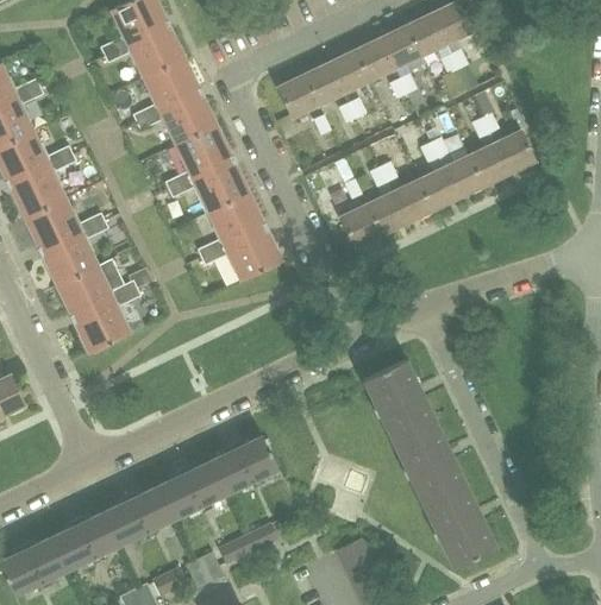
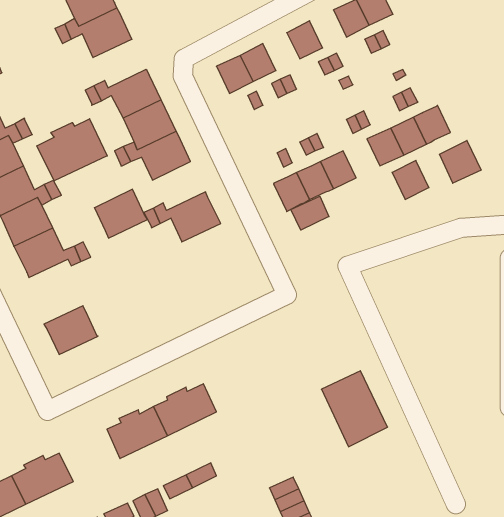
building: [380,26,420,68] -> none
building: [328,51,369,93] -> none
building: [142,58,200,112] -> none
building: none -> [37,119,107,181]
building: [417,168,457,210] -> [392,160,429,199]
building: none -> [439,140,481,183]
building: [207,193,265,246] -> [94,189,148,238]
building: none -> [291,196,329,230]
building: [71,300,131,353] -> [44,306,98,354]
building: [363,359,436,442] -> none
building: [422,484,495,567] -> none
building: [105,486,171,543] -> none

